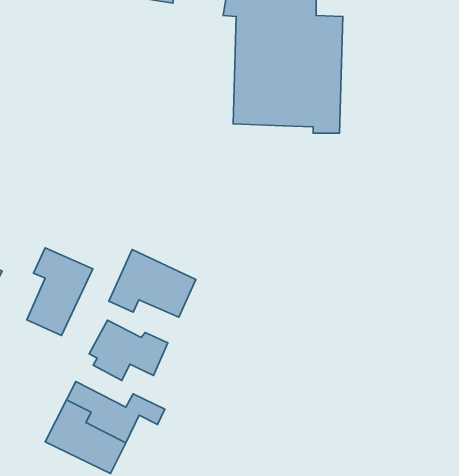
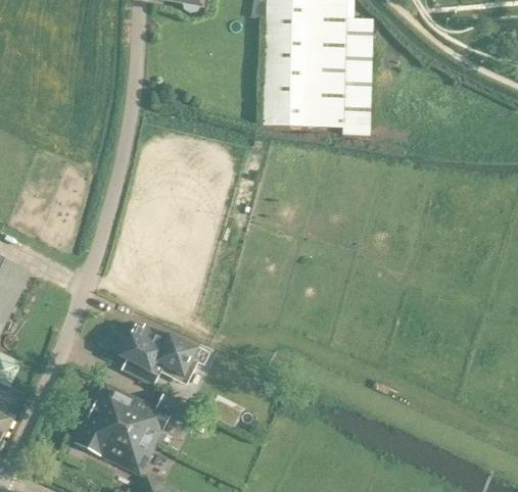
building: [27,248,93,335] -> none
building: [109,249,196,317] -> none

